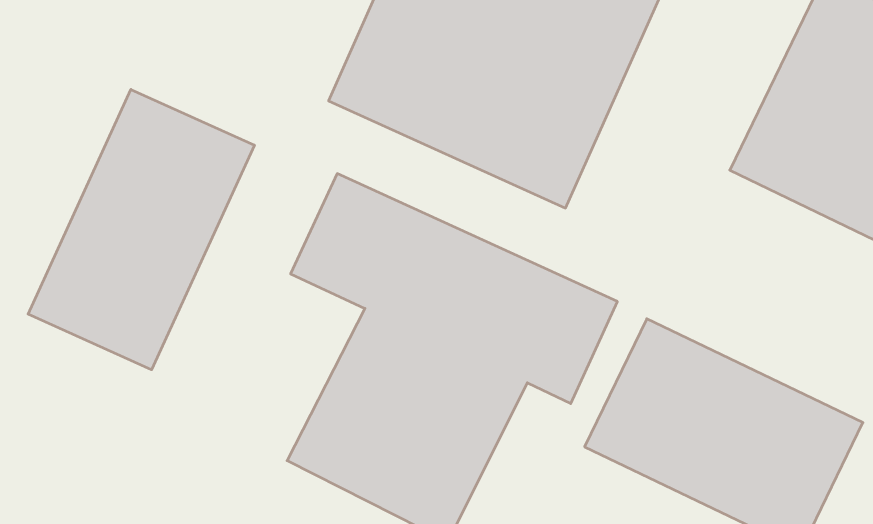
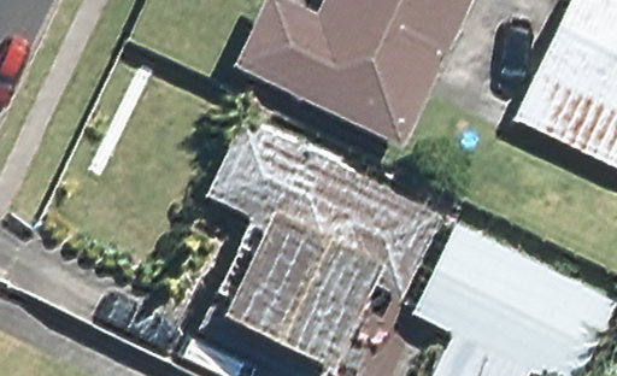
building: [28,89,254,370] -> none

